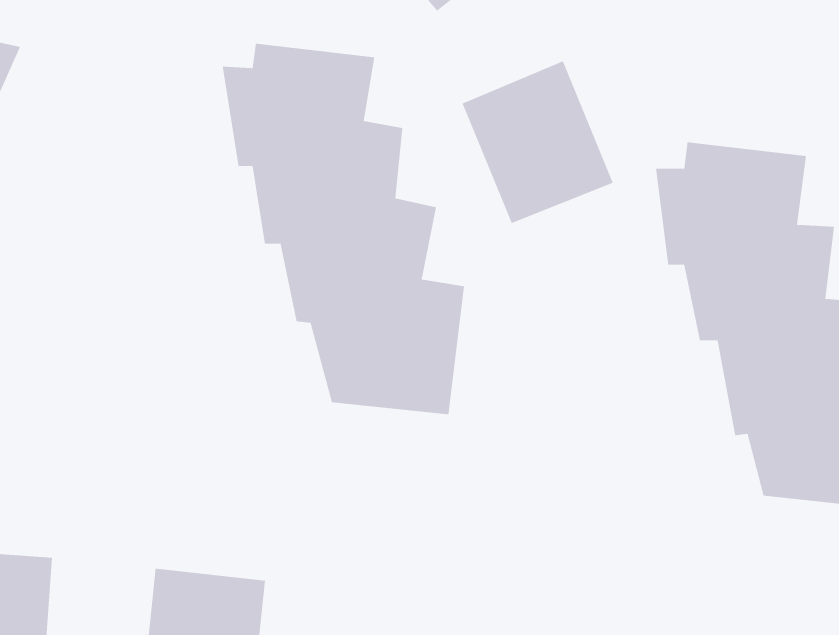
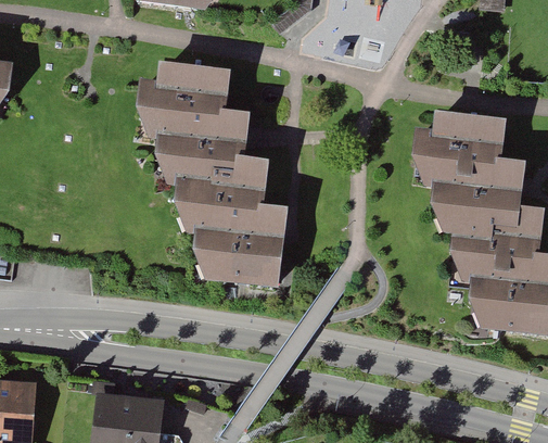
building: [462,60,613,224] -> none

